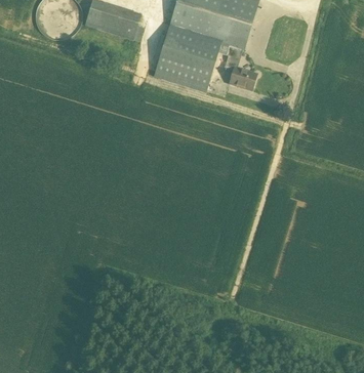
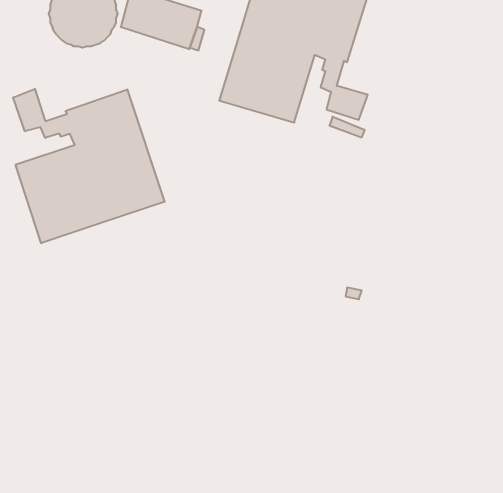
building: none -> [13,89,165,243]

